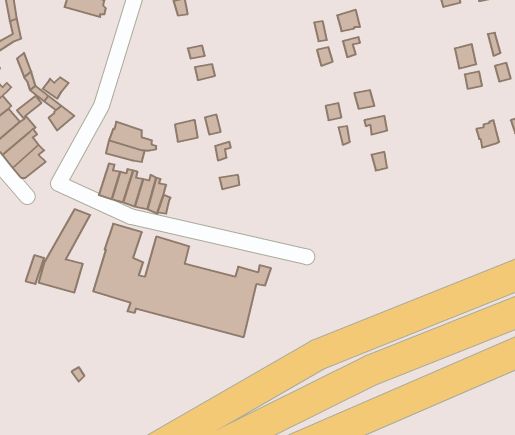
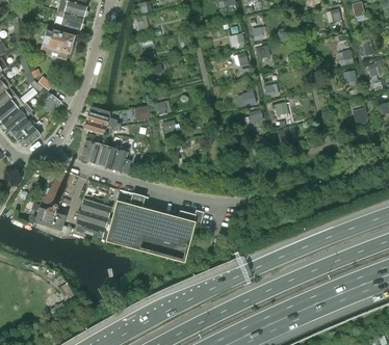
building: none -> [40,29,73,58]

